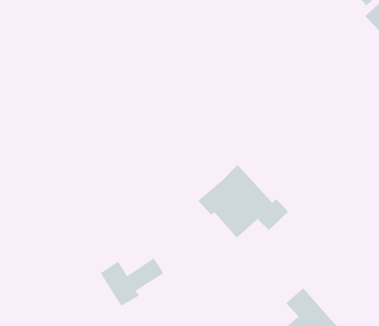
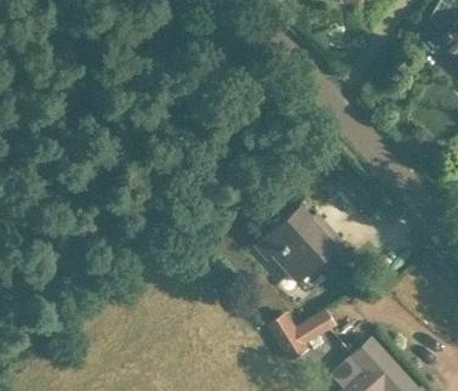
building: [100,258,164,307] -> [267,307,337,361]

